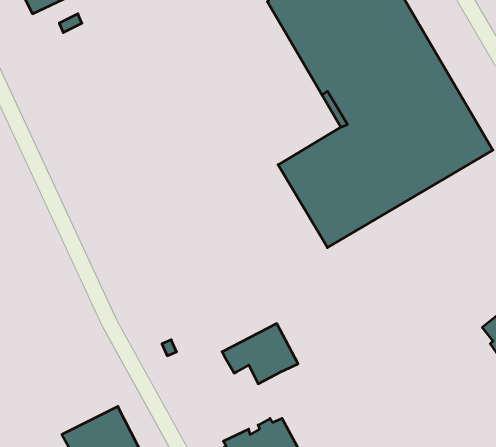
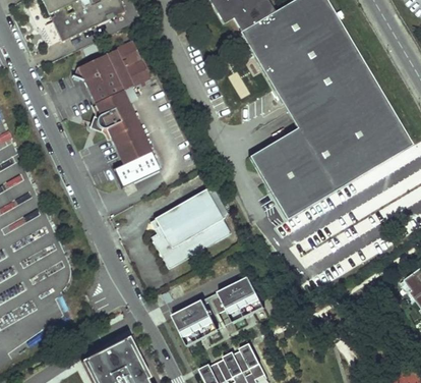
building: none -> [74,39,159,185]
building: none -> [148,188,230,268]
building: none -> [172,298,219,345]

